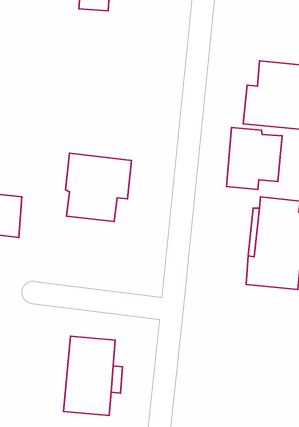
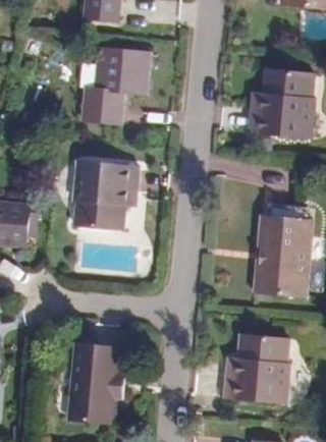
building: none -> [83,46,149,122]
building: [226,127,282,190] -> none
building: none -> [224,335,290,403]

